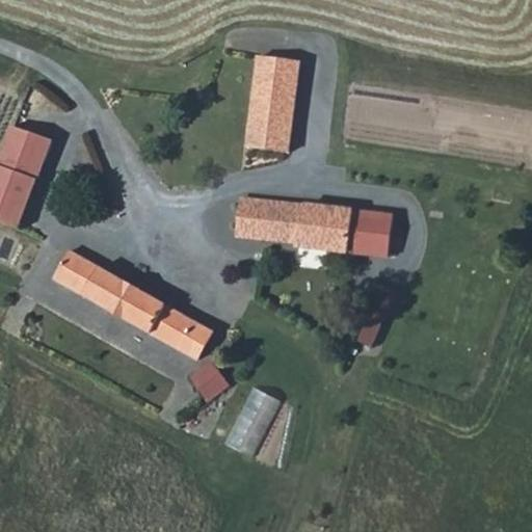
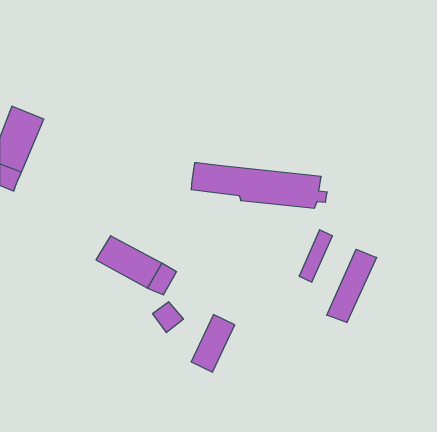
building: [244,58,296,153] -> none
building: [54,250,134,315] -> none
building: none -> [327,249,377,323]

